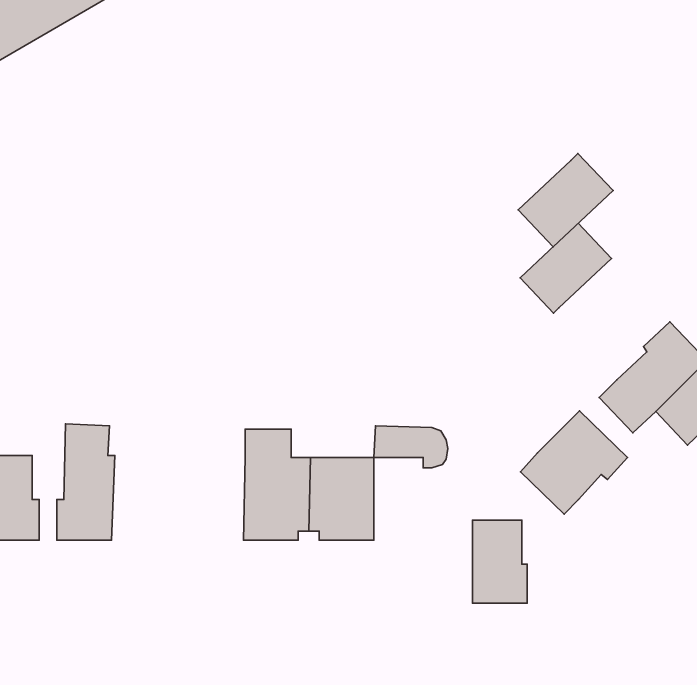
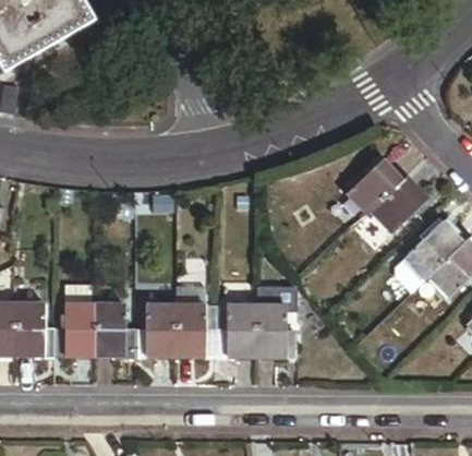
building: [518,153,613,247] -> [371,177,429,235]
building: [520,411,627,514] -> none
building: none -> [94,303,129,357]
building: none -> [142,304,177,356]
building: [472,520,527,603] -> [256,304,290,356]

